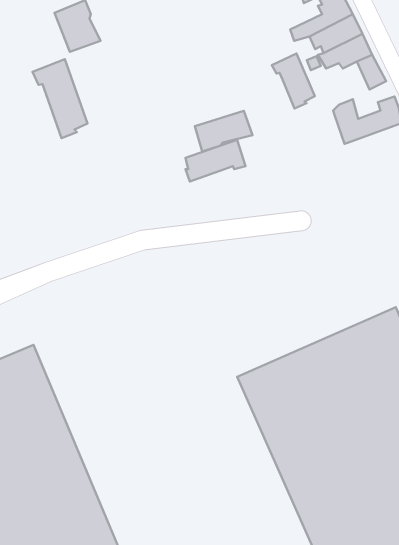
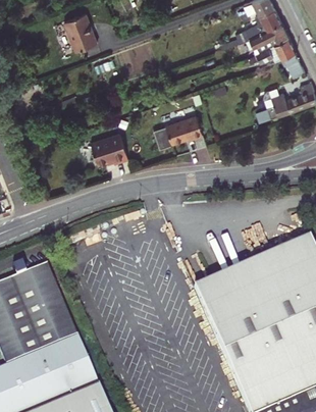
building: [272,53,315,108] -> none
building: [33,59,88,138] -> none
building: [195,111,253,151] -> none
building: none -> [89,132,126,163]

